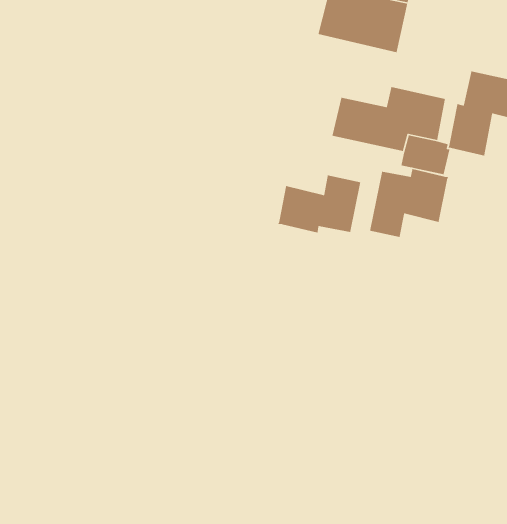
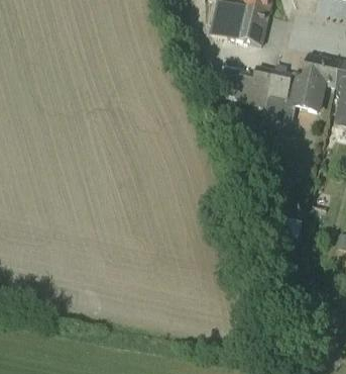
building: [369,168,449,238] -> none
building: [277,174,361,233] -> none

